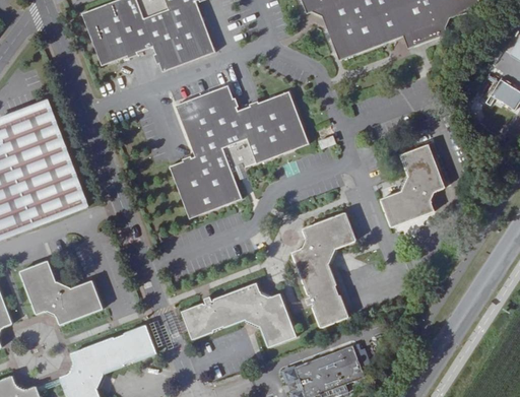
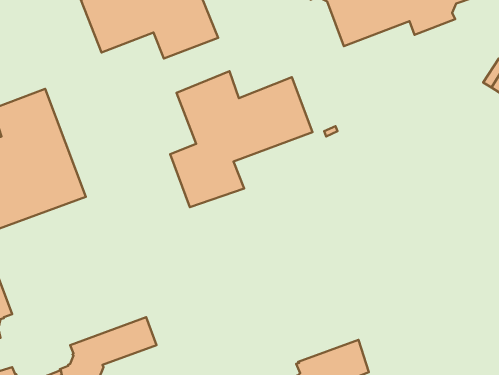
building: [380,143,444,227] -> none
building: [290,212,355,327] -> none
building: [21,260,103,323] -> none
building: [181,282,296,347] -> none

